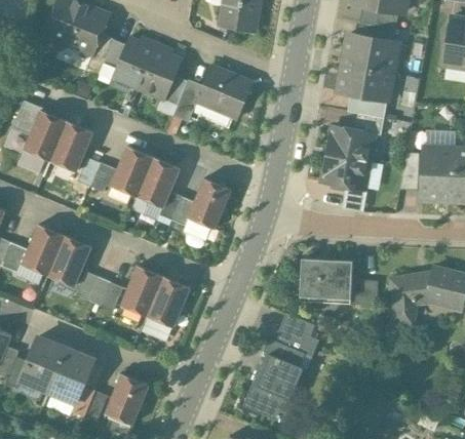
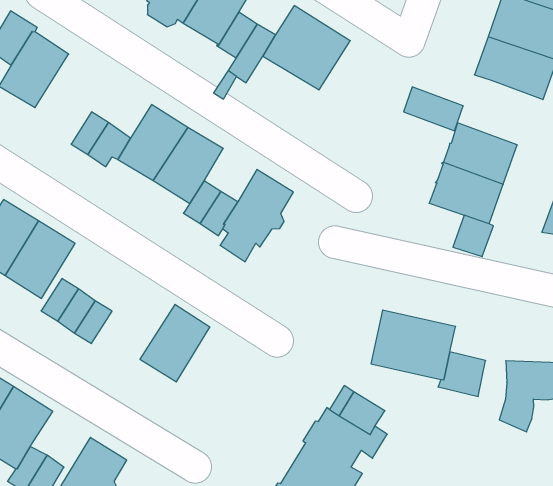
building: [347,93,386,118] -> [404,87,463,131]
building: [49,121,92,171] -> none
building: [120,266,163,316] -> none

